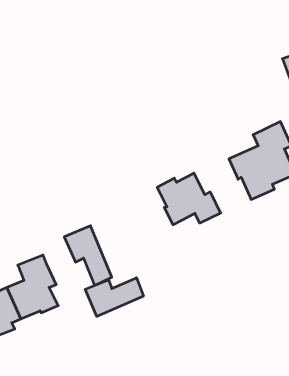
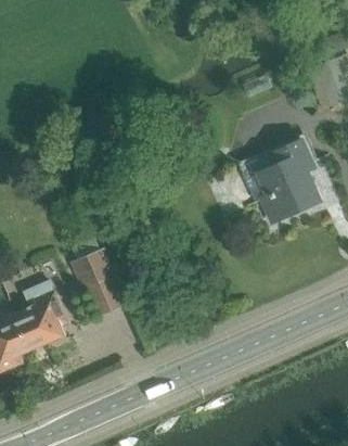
building: [157,173,221,225] -> none
building: [85,278,143,316] -> none

